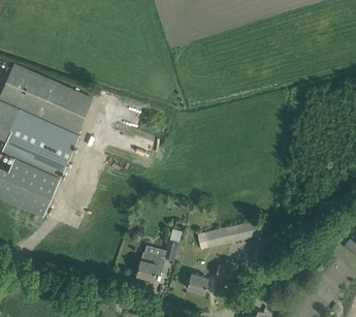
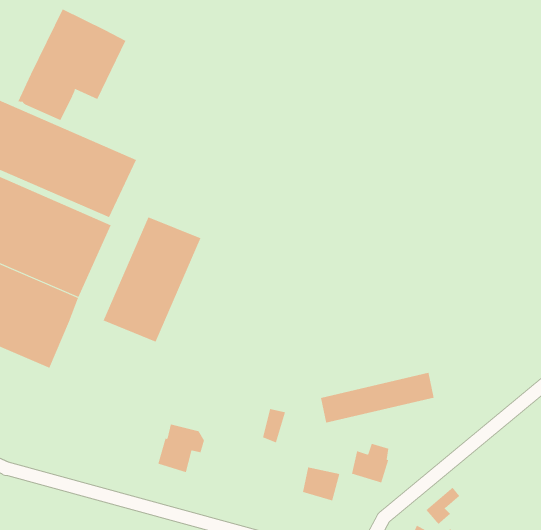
building: none -> [18,8,126,121]
building: none -> [103,216,201,342]
building: [136,252,163,280] -> [158,424,205,473]

